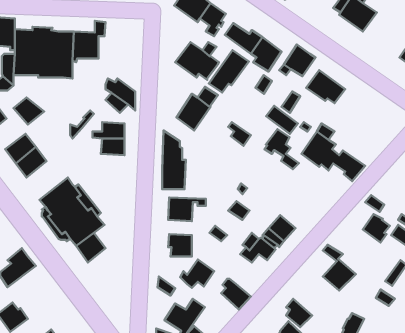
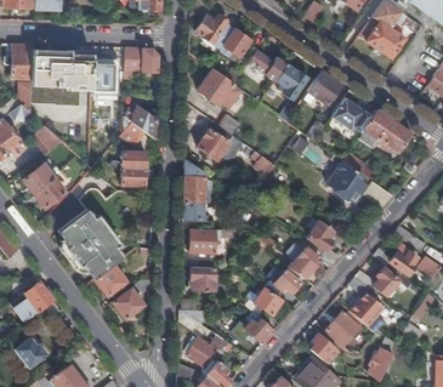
building: none -> [125,49,159,79]
building: [209,50,249,92] -> none
building: none -> [358,110,413,154]
building: [265,129,299,169] -> [306,222,341,263]
building: none -> [354,264,413,296]
building: none -> [113,279,150,319]
building: [180,259,214,288] -> [246,288,282,317]
building: none -> [326,312,359,346]

